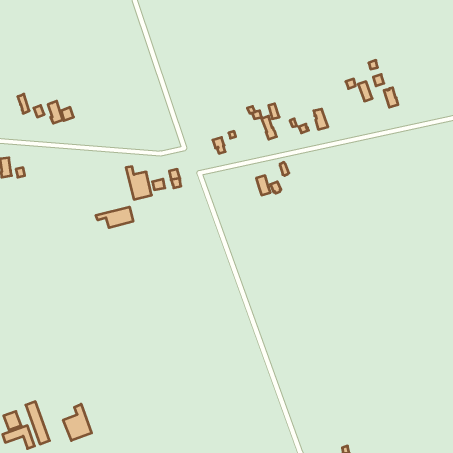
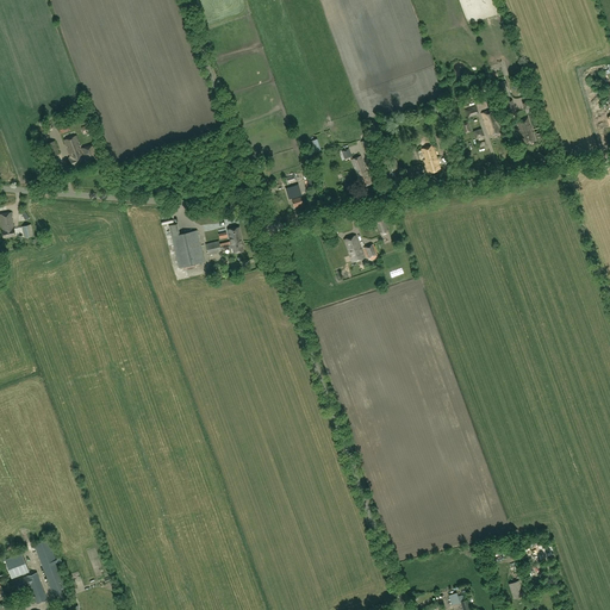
building: [96,207,133,228] -> none
building: [63,404,92,441] -> none

